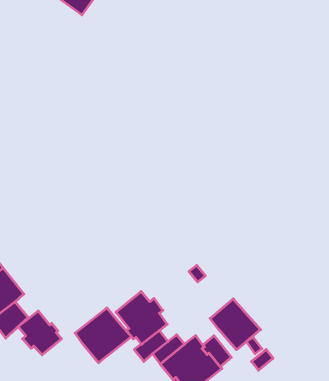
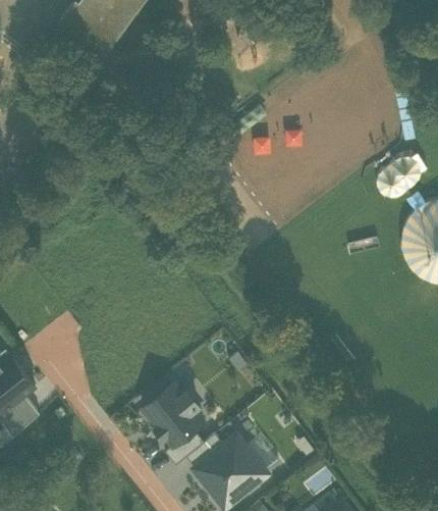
building: [210,299,261,350] -> none
building: [75,308,132,363] -> none
building: [18,311,61,355] -> none

